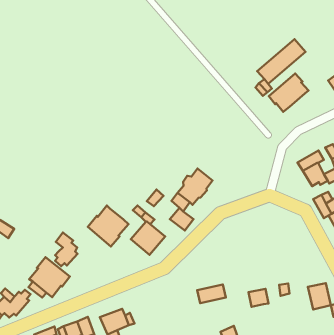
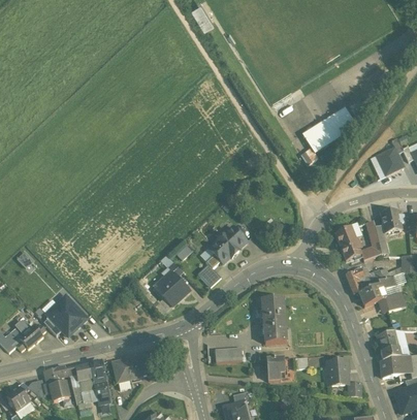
building: [269,74,308,112] -> none
building: [88,206,129,246] -> none
building: none -> [262,297,286,343]
building: [55,232,77,266] -> none

